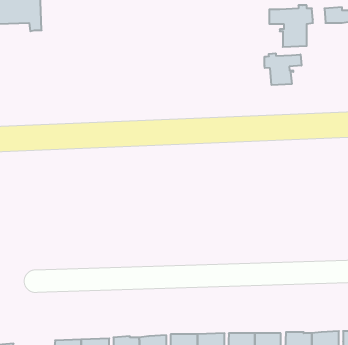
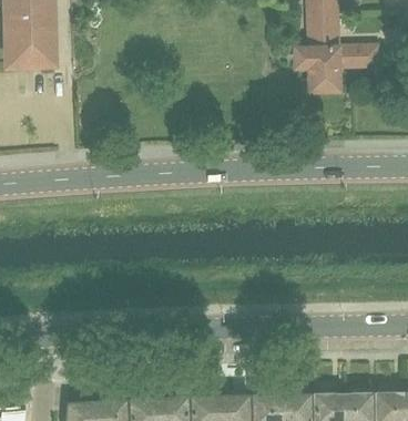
building: [265,53,301,85] -> none

